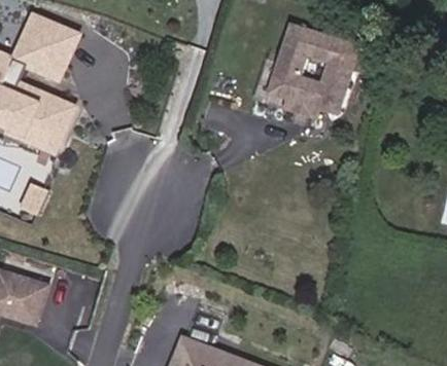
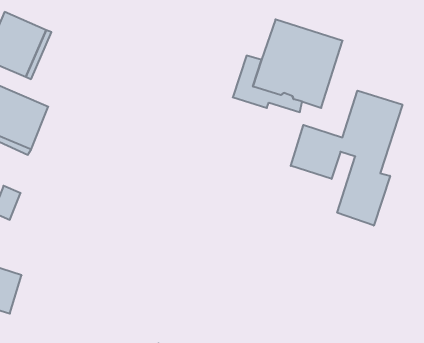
building: none -> [291,91,402,226]

